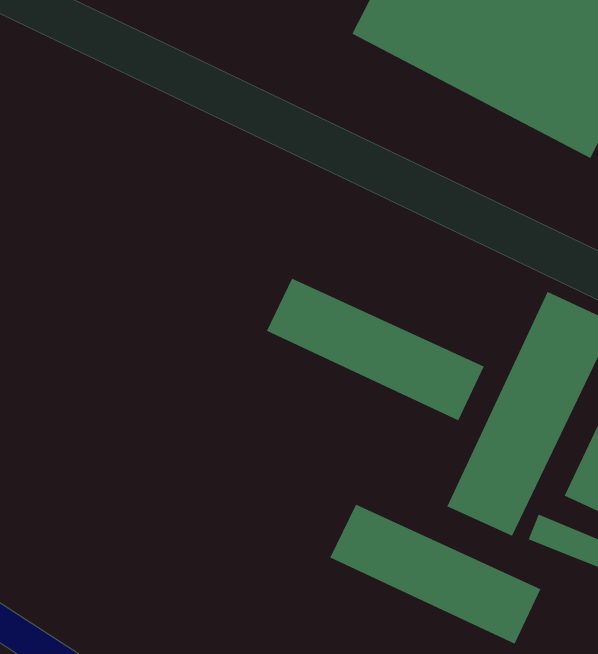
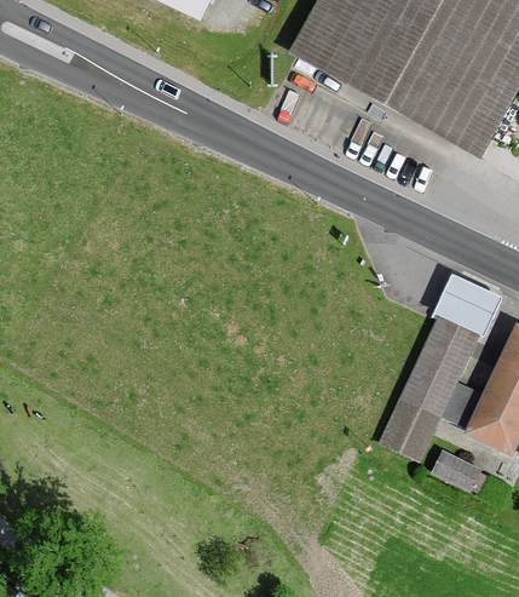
building: [266,278,484,421] -> none
building: [330,504,541,645] -> none

